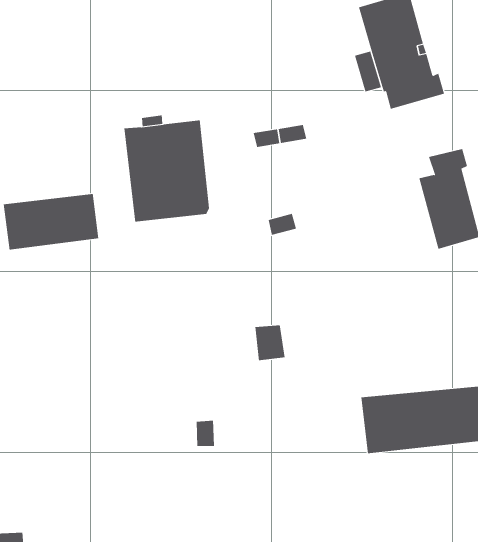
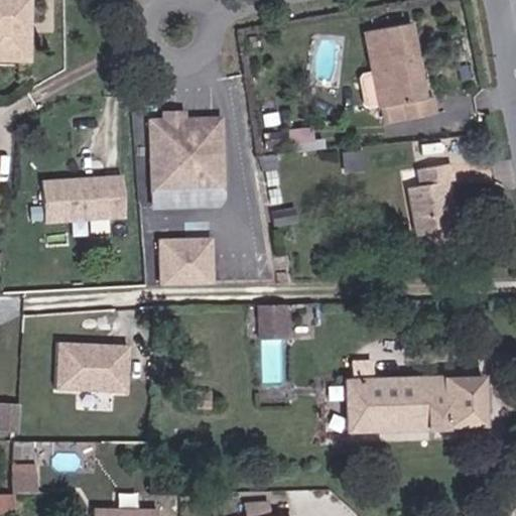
building: none -> [160,240,214,287]
building: none -> [53,345,125,393]

